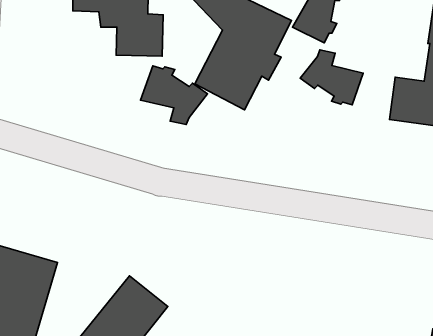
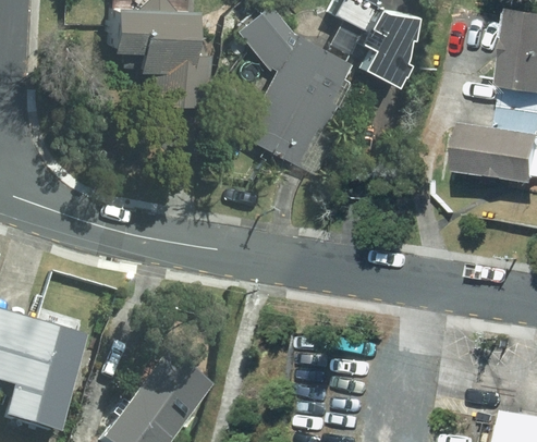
building: [300,50,363,105] -> none
building: [141,66,208,124] -> none

